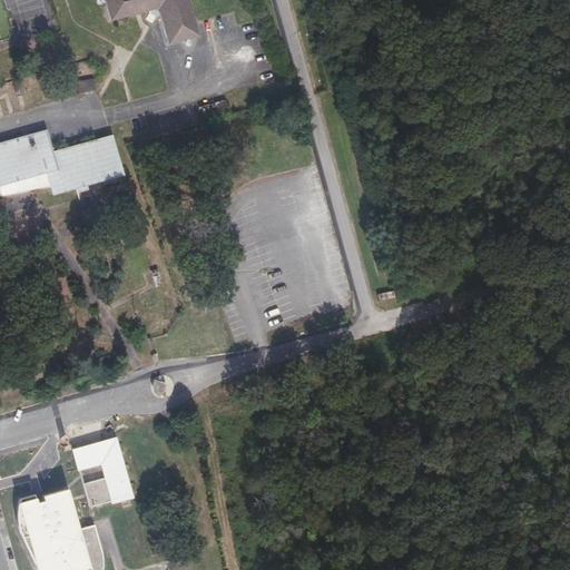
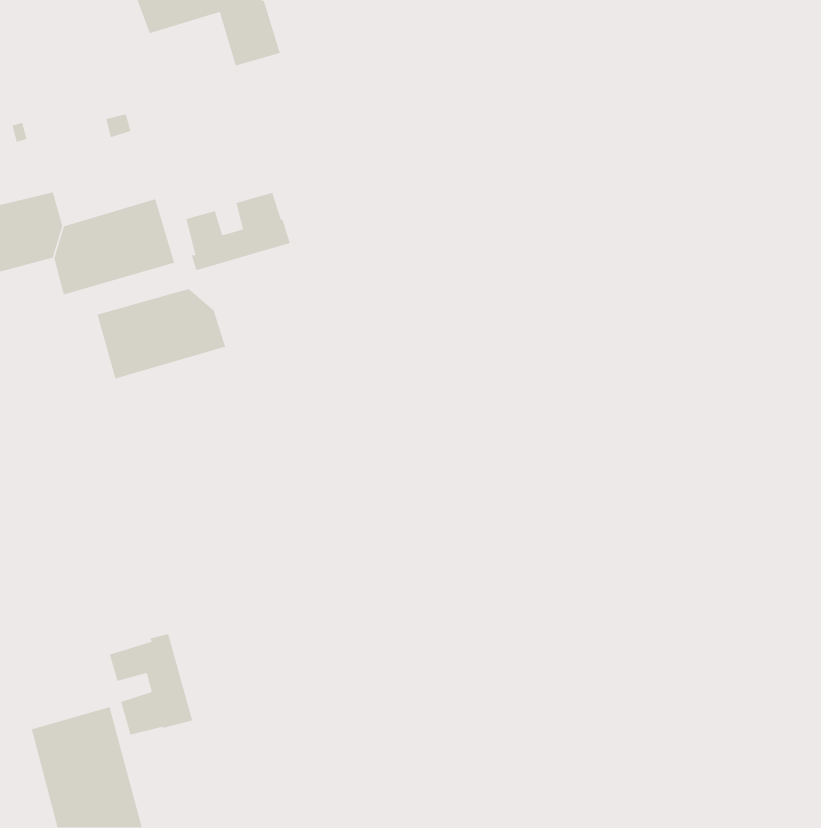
building: none -> [186,192,291,271]
building: none -> [96,288,226,379]

